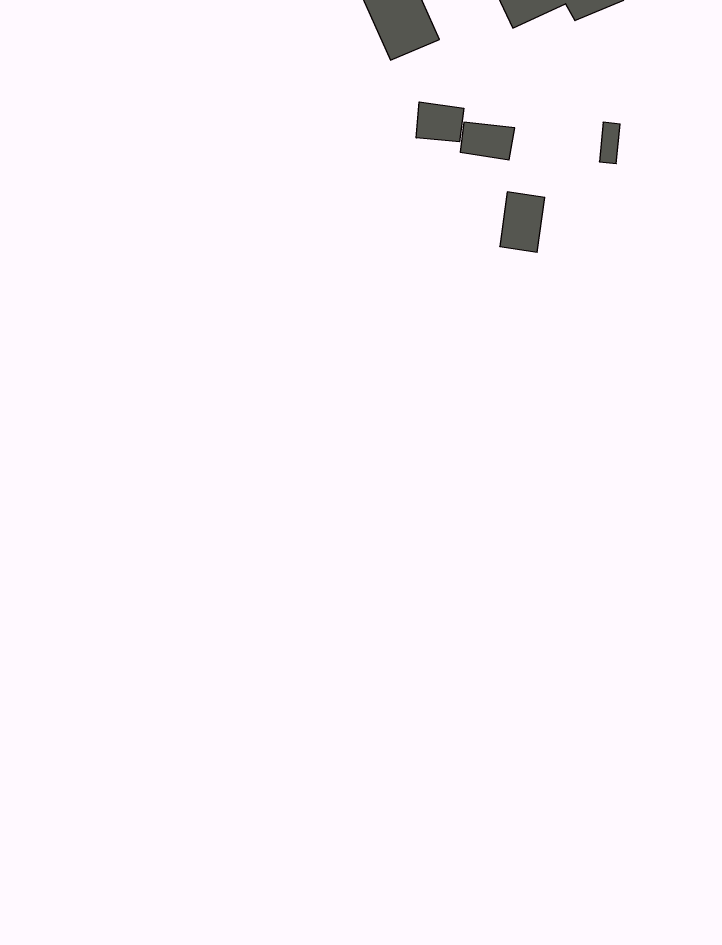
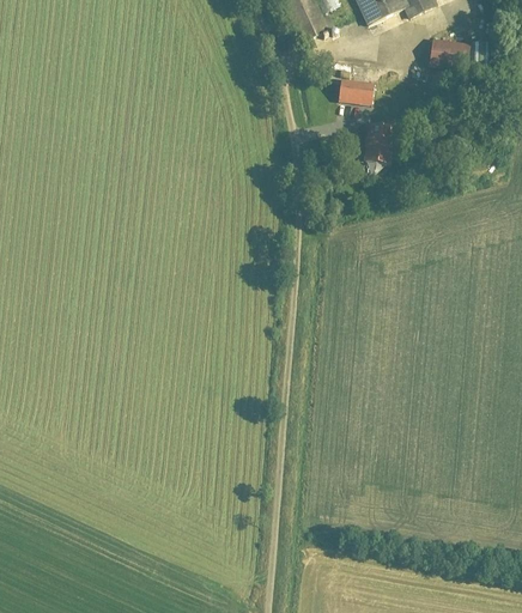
building: none -> [432,41,474,68]
building: [416,102,464,142] -> none

